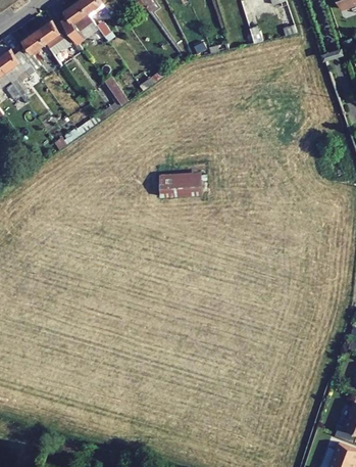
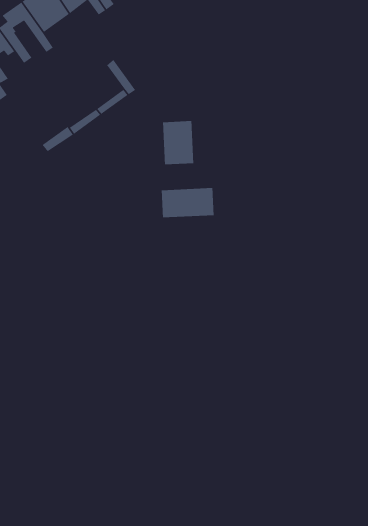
building: none -> [162,120,194,165]

